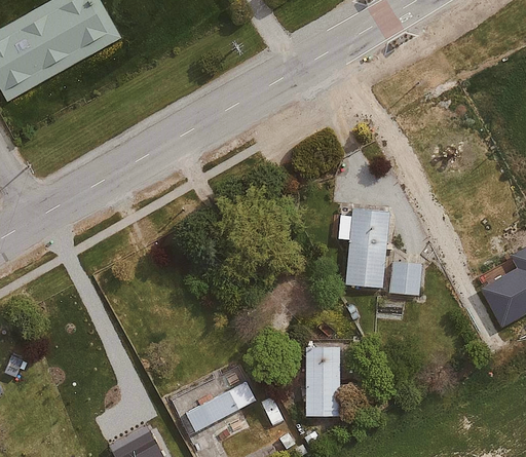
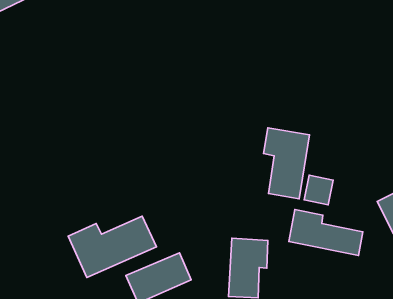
building: none -> [289,209,363,255]
building: none -> [68,216,156,277]

